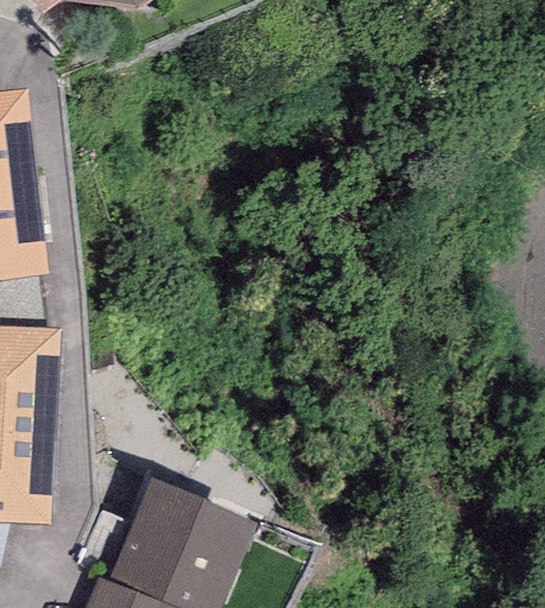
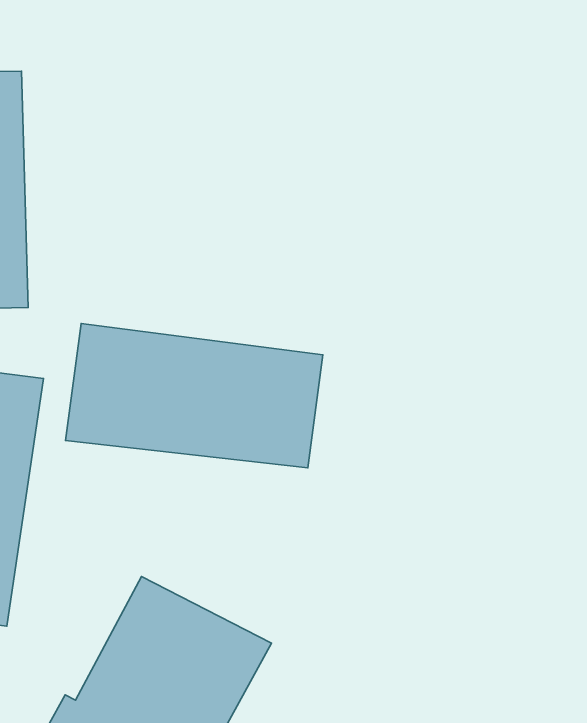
building: none -> [66,323,323,468]

